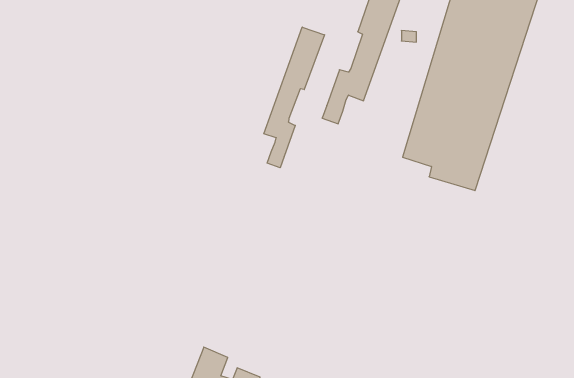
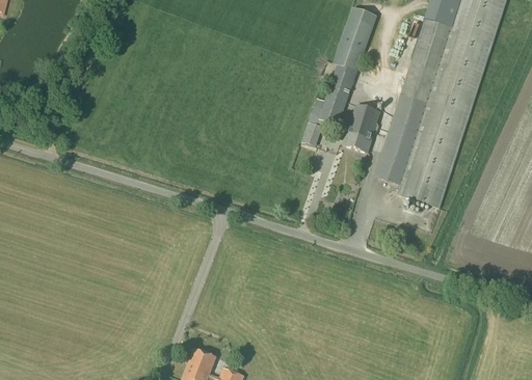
building: [264,27,325,168] -> none
building: none -> [343,103,380,152]

